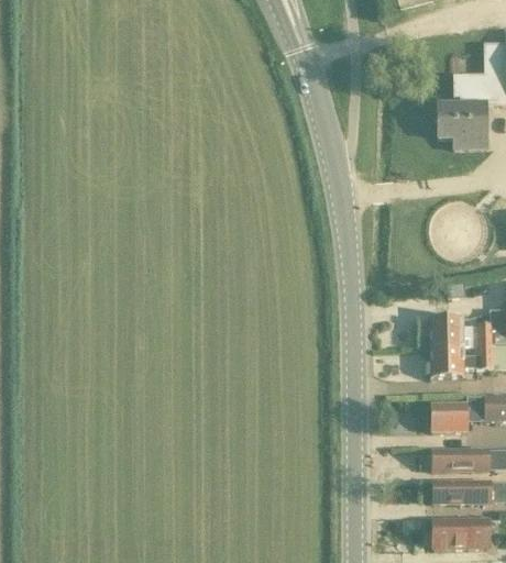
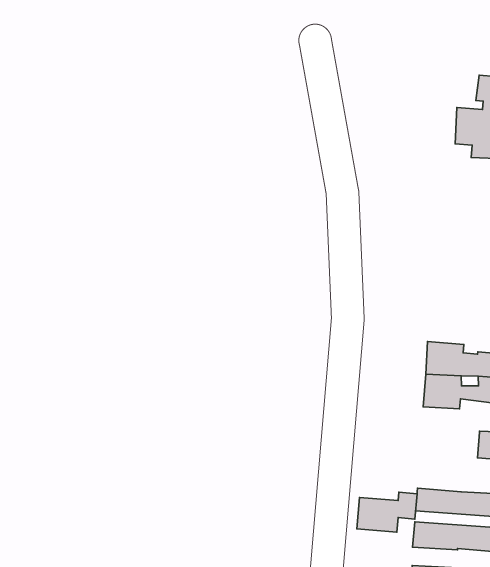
building: [433,396,485,432] -> [357,492,417,532]

